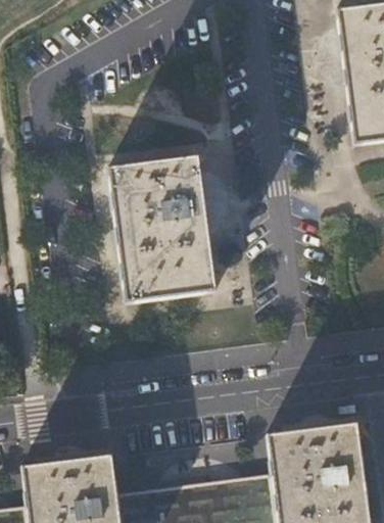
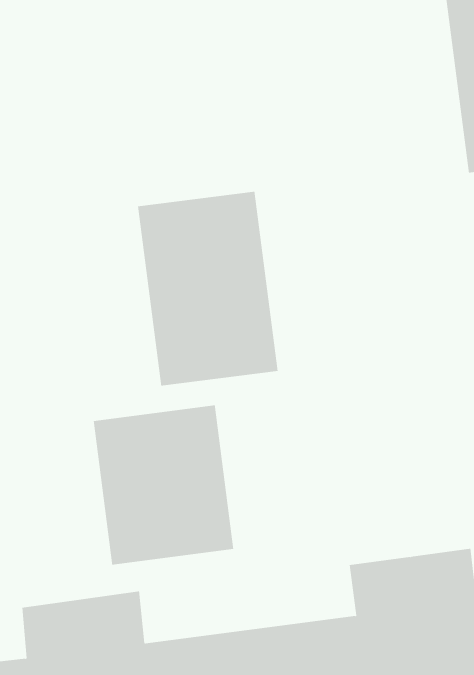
building: none -> [93,404,234,565]

